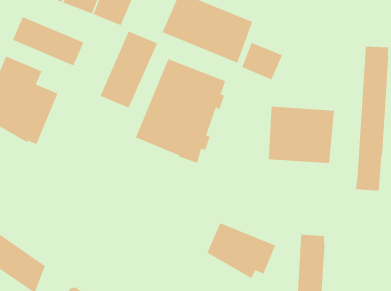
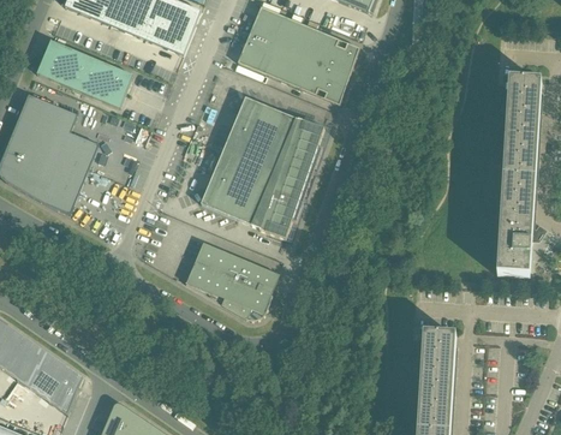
building: [99,31,158,109] -> none
building: [241,42,283,81] -> none
building: [268,106,335,164] -> none
building: [199,222,276,279] -> [175,242,279,318]

